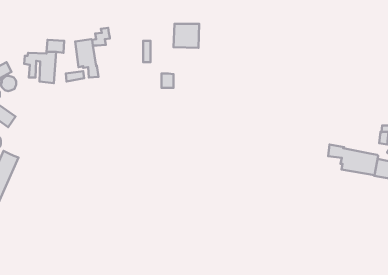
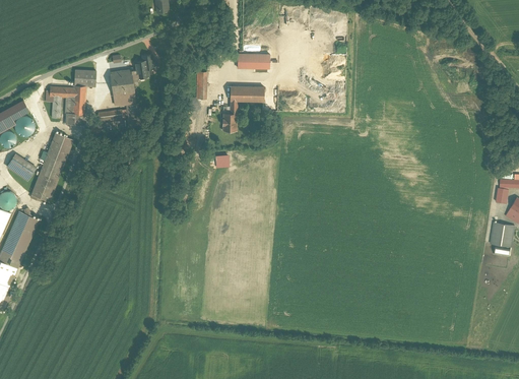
building: none -> [229,85,263,114]
building: none -> [28,133,72,202]
building: [328,145,378,175] -> none

